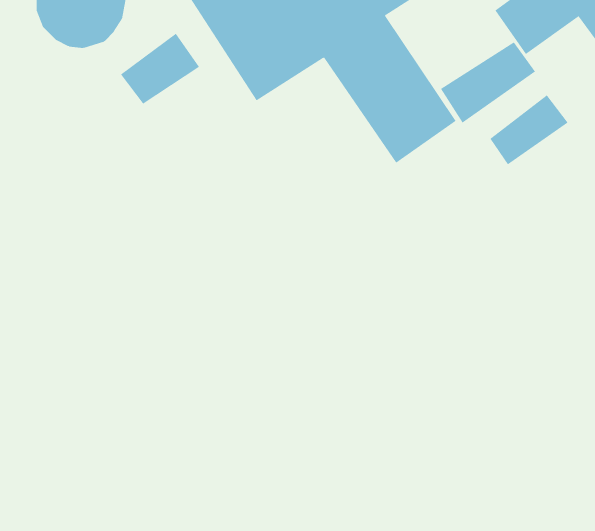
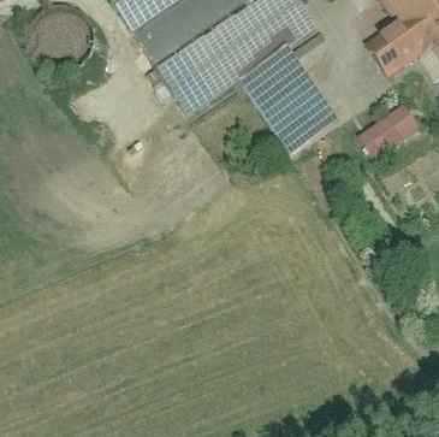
building: [120,33,200,105] -> none
building: [440,41,536,123] -> none

